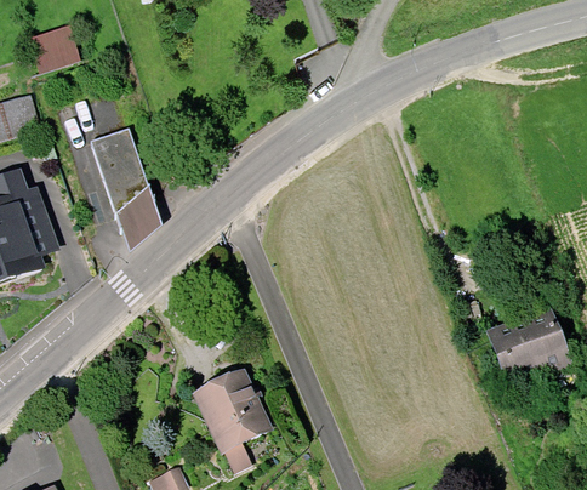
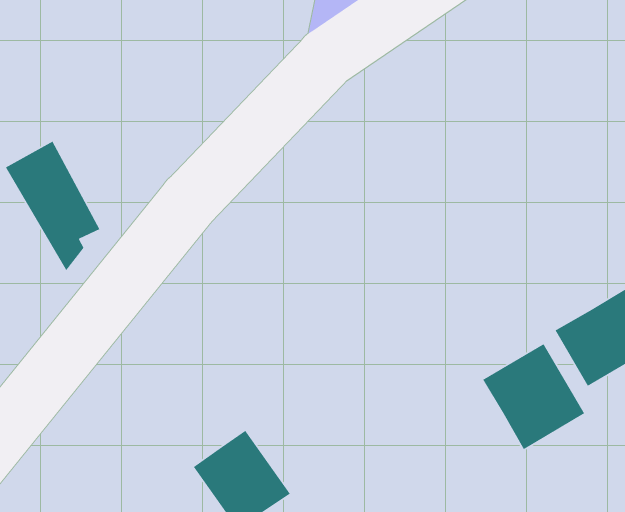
building: none -> [482,343,585,450]

